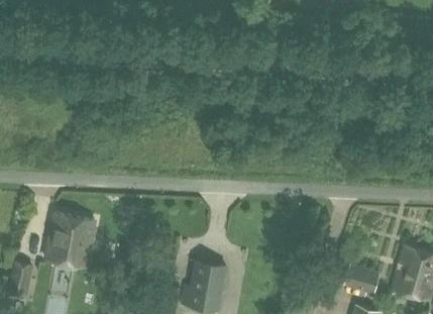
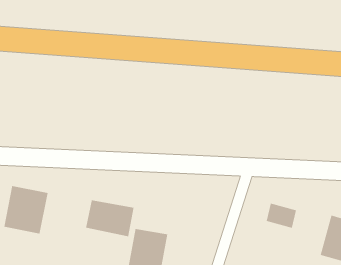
building: none -> [86,199,134,237]
building: [344,264,378,292] -> [266,203,297,228]

